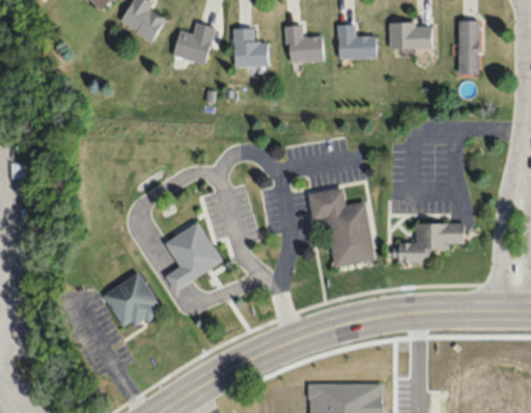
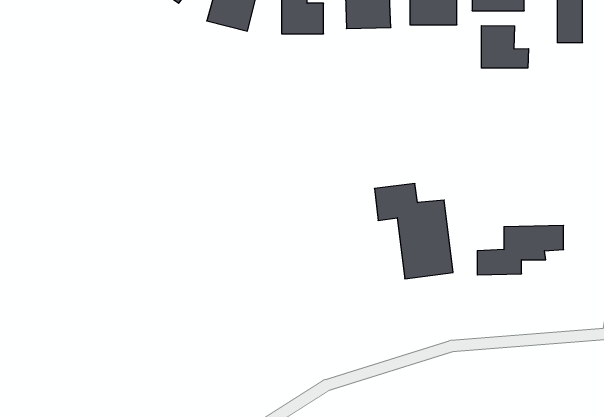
building: none -> [481,26,529,68]
building: [165,222,221,290] -> none
building: [103,273,161,327] -> none

